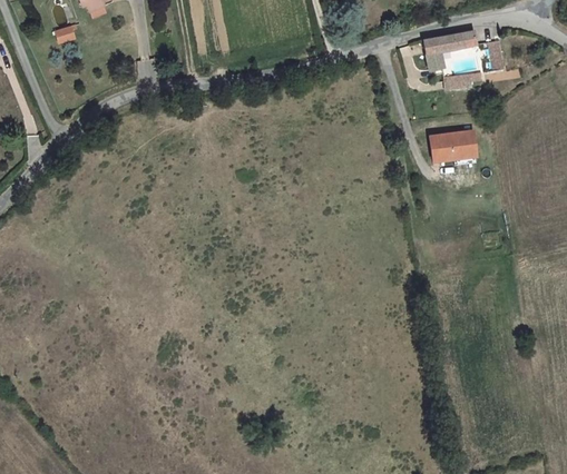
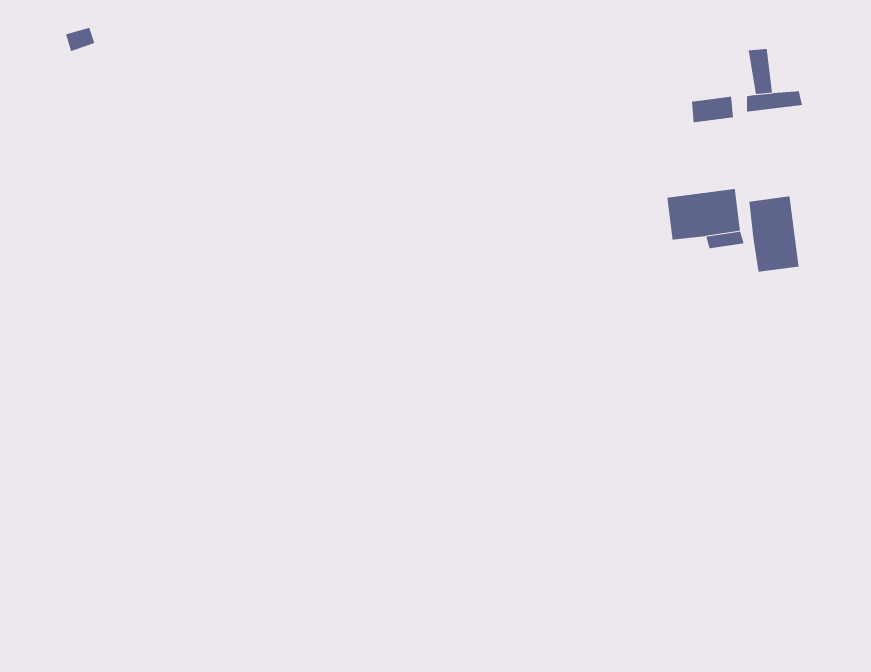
building: [424,29,477,69] -> none
building: none -> [749,196,799,272]

